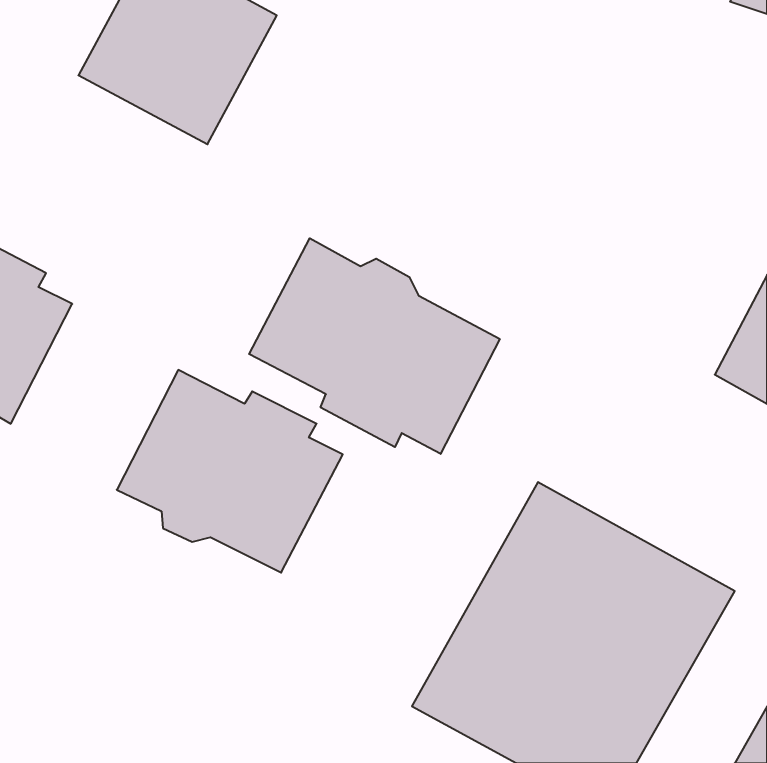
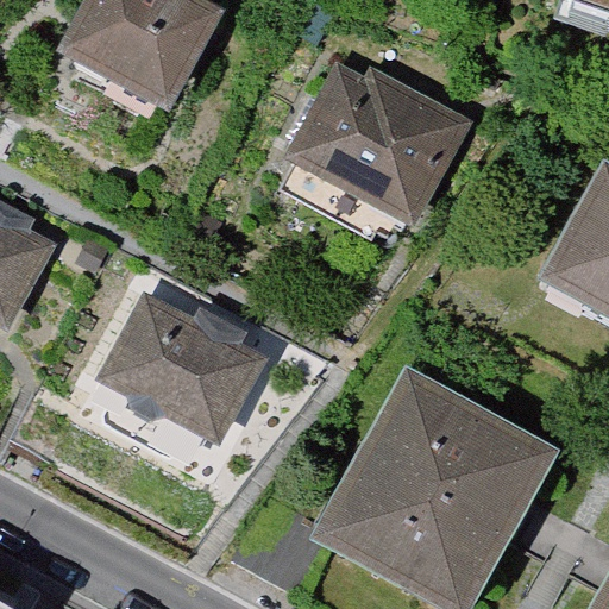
building: none -> [284,56,471,222]
building: [249,238,500,454] -> none

